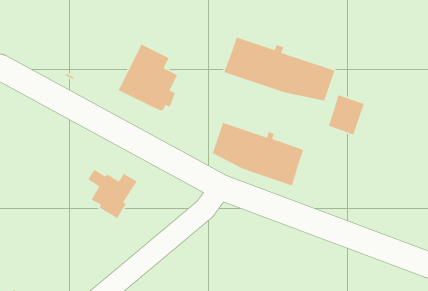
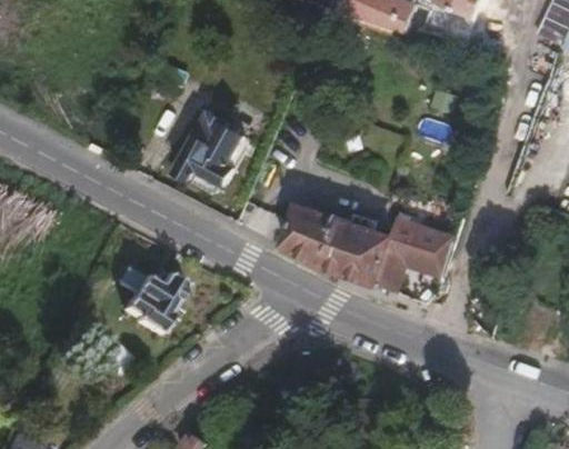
building: [223,37,335,101] -> none
building: [328,94,365,135] -> [397,218,446,272]

